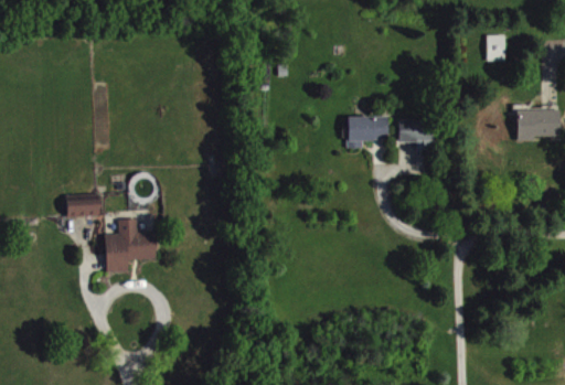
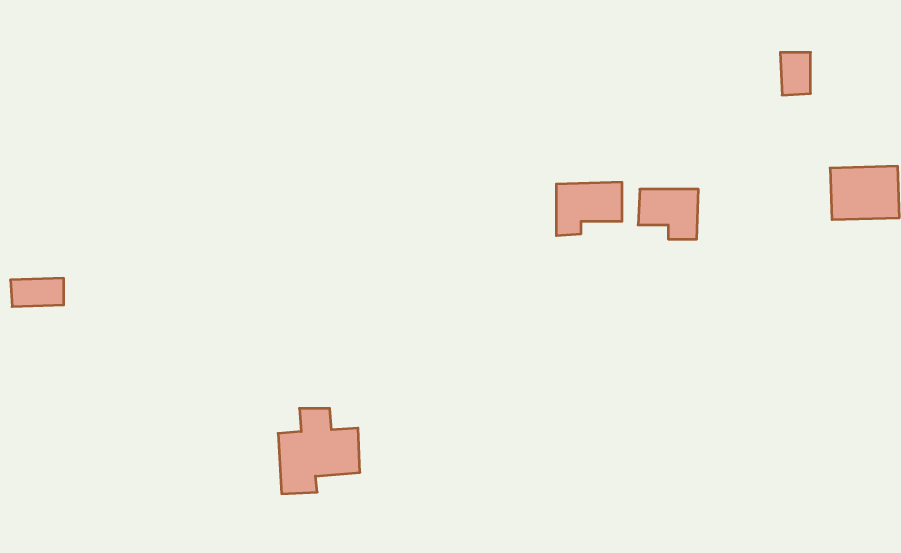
building: [66,199,99,216] -> [10,278,64,307]
building: [105,218,156,271] -> [278,408,360,494]

